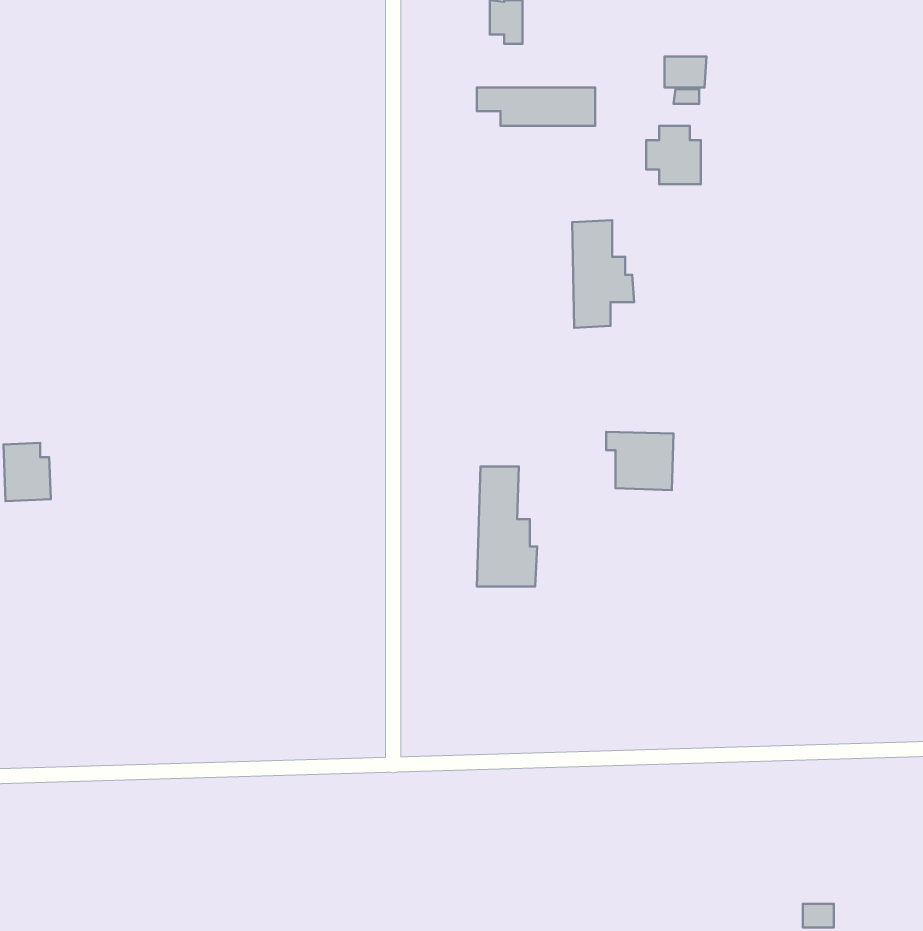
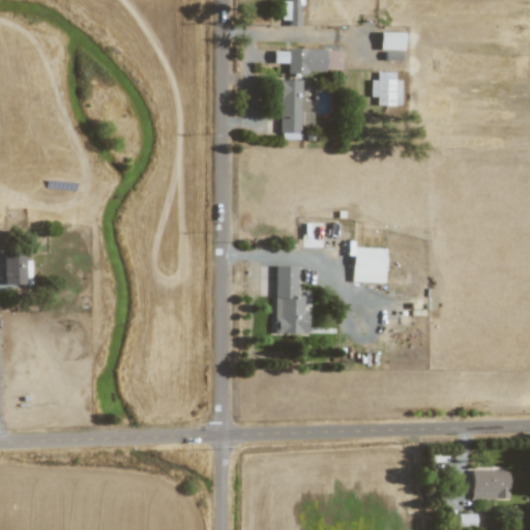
building: [572,220,634,328] -> [281,79,316,140]
building: none -> [474,469,510,499]

